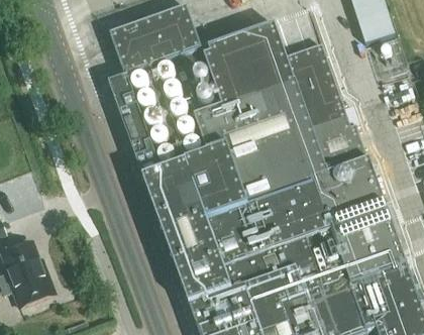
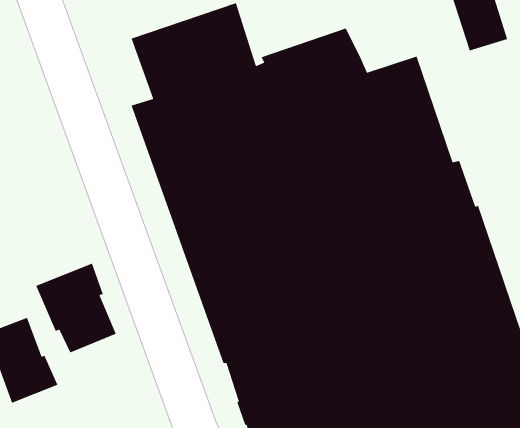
building: none -> [35,263,117,354]

